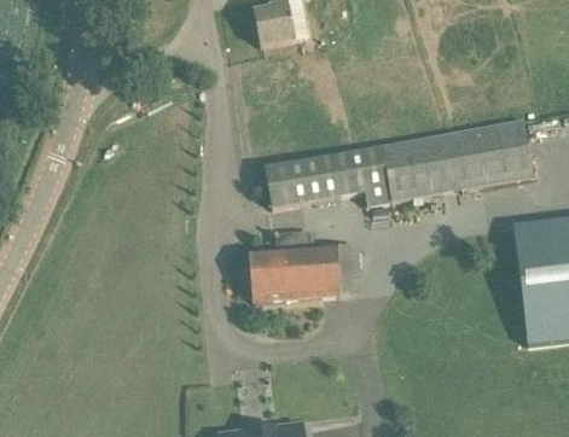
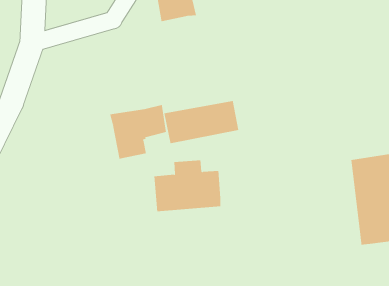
building: [356,120,533,205] -> none
building: none -> [110,104,166,160]

